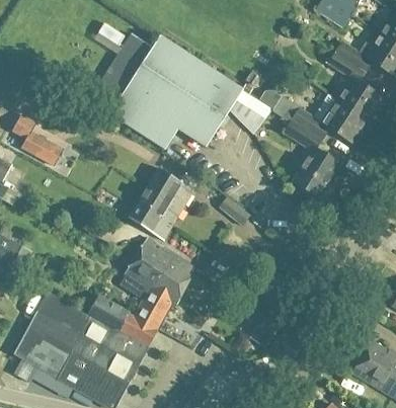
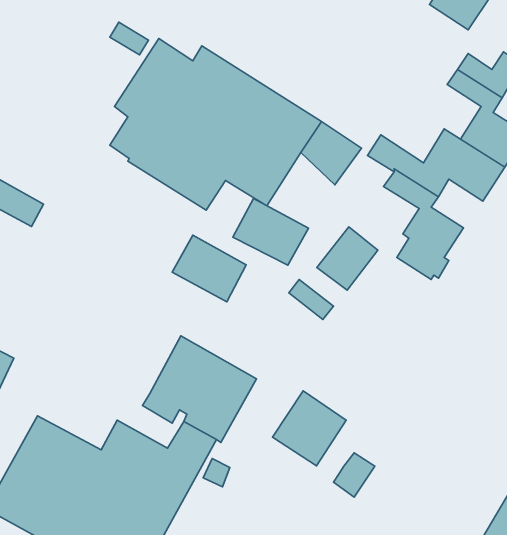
building: none -> [317,227,378,290]
building: [126,192,177,238] -> [233,199,308,265]
building: none -> [272,391,346,466]

